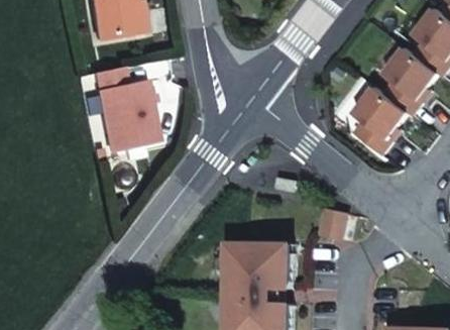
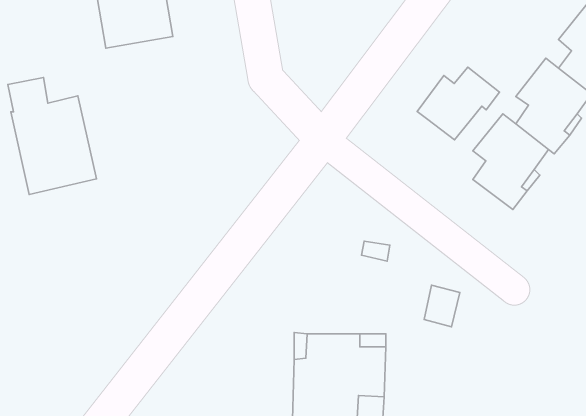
building: none -> [417,67,500,140]
building: [91,69,153,151] -> [8,77,96,195]

